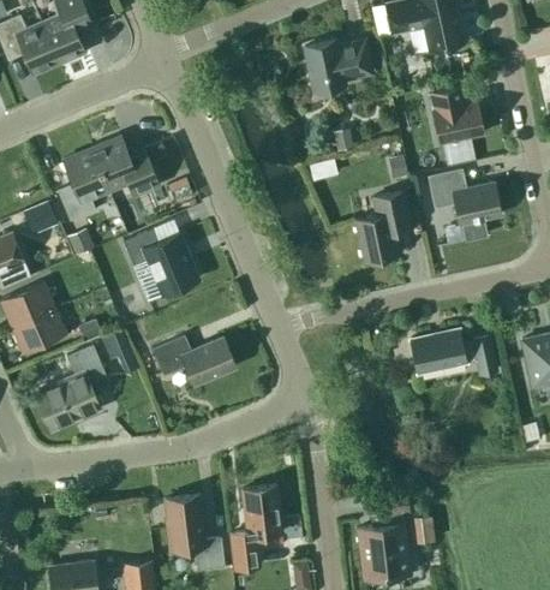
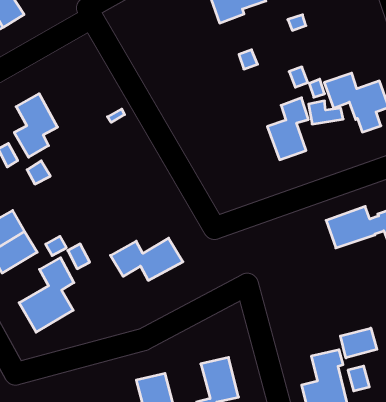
building: [432,88,484,143] -> none
building: [92,136,160,195] -> none
building: [124,228,199,294] -> none
building: none -> [340,328,377,358]

